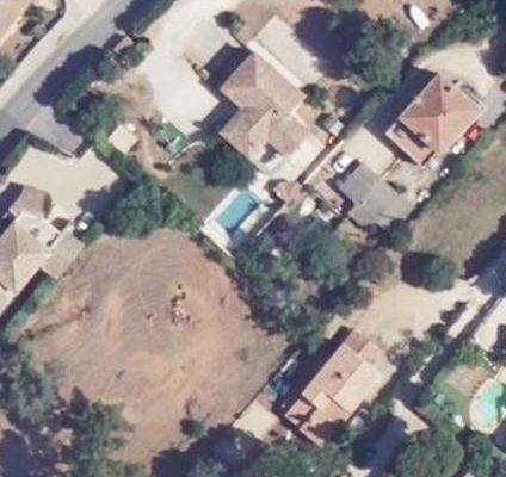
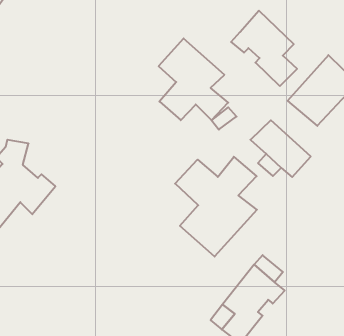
building: none -> [231,11,297,86]
building: none -> [175,157,257,257]

